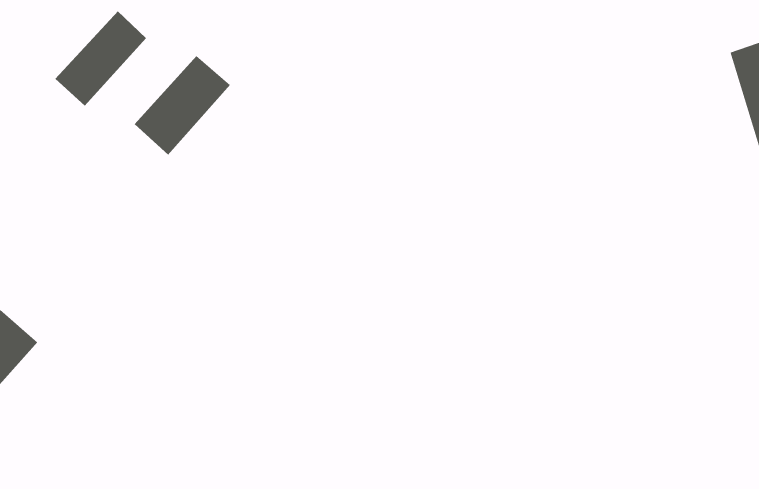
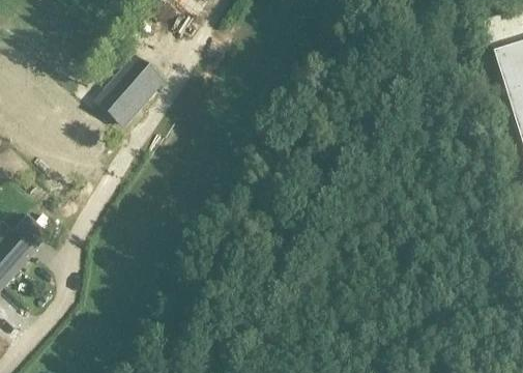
building: [54,10,147,107] -> none

